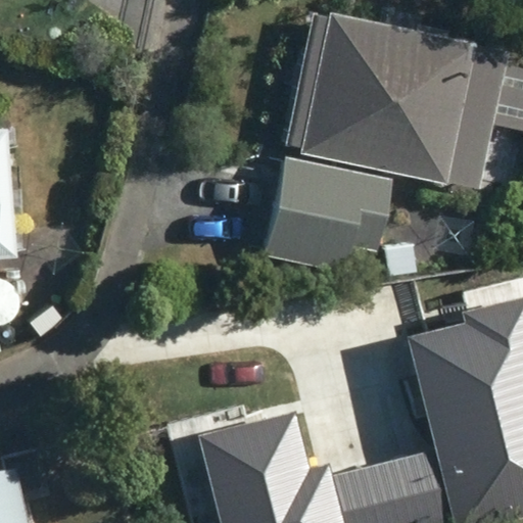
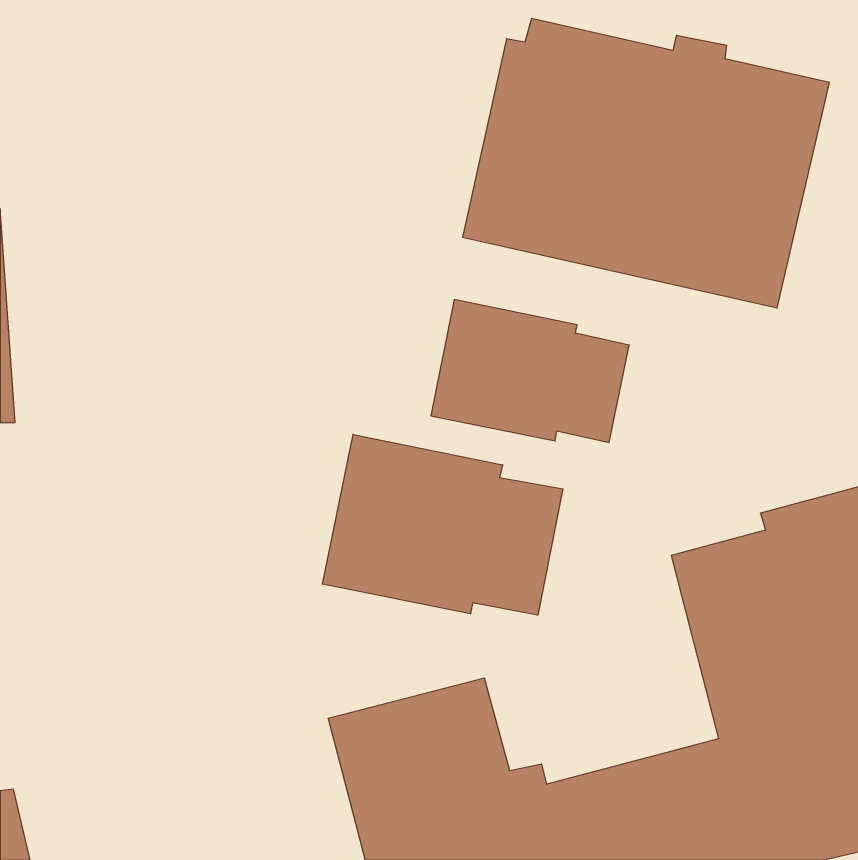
building: none -> [323,434,563,615]

